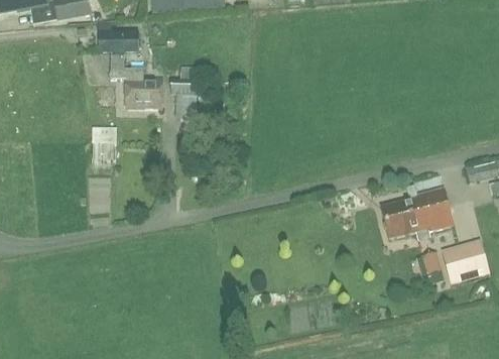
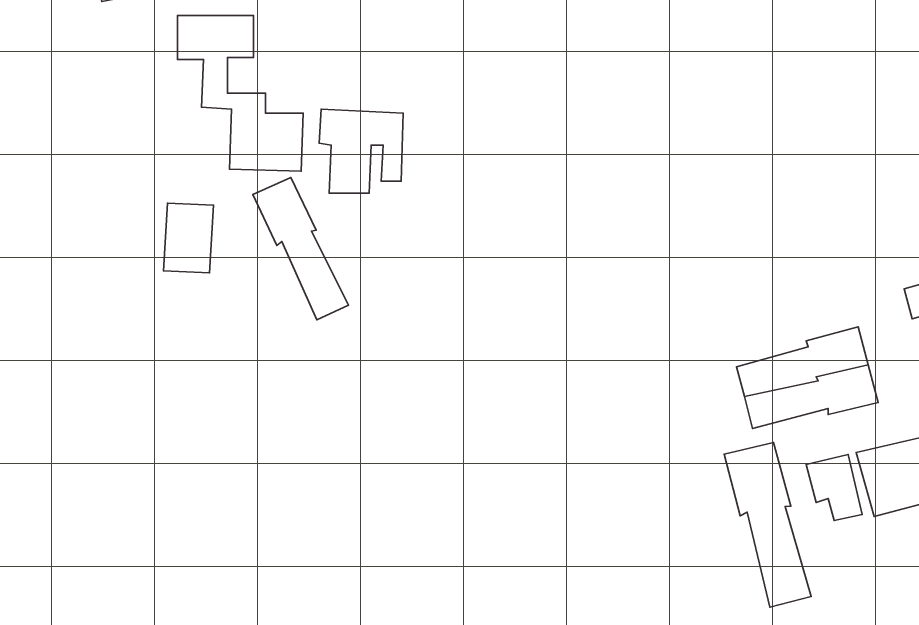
building: none -> [253,178,349,320]
building: none -> [724,442,811,607]

